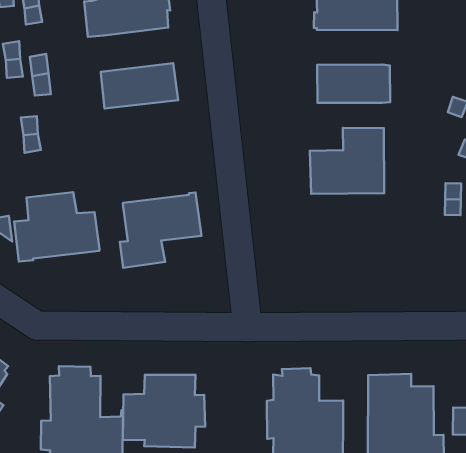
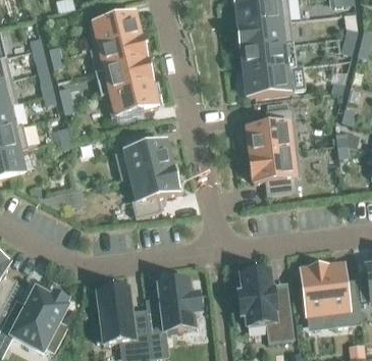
building: none -> [95,58,152,93]
building: none -> [242,42,297,70]
building: [14,192,99,262] -> [115,128,172,177]
building: none -> [251,148,301,194]

